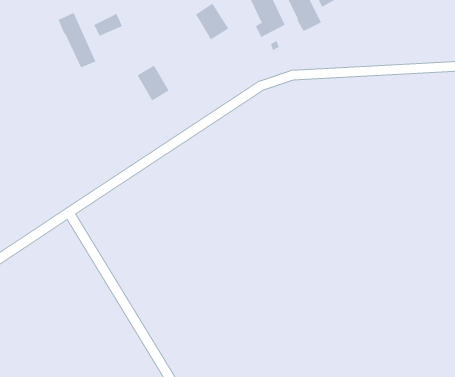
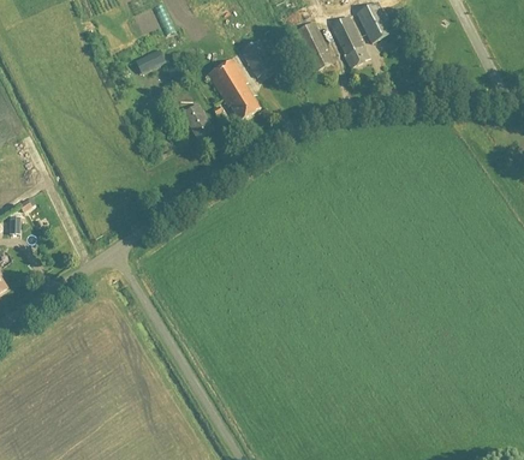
building: [58,12,96,68] -> none
building: none -> [209,59,261,120]

